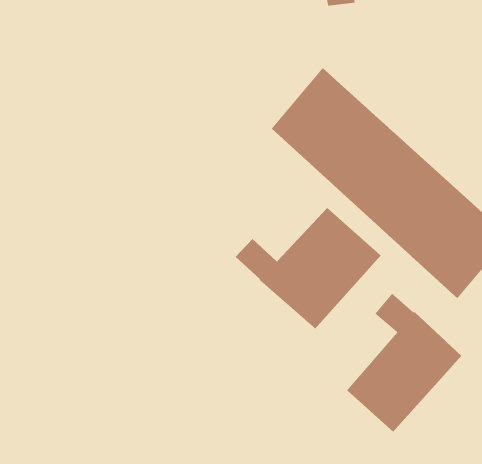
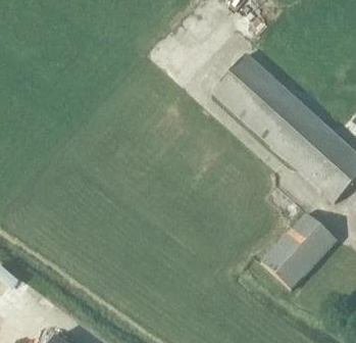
building: [235,207,381,329] -> none

